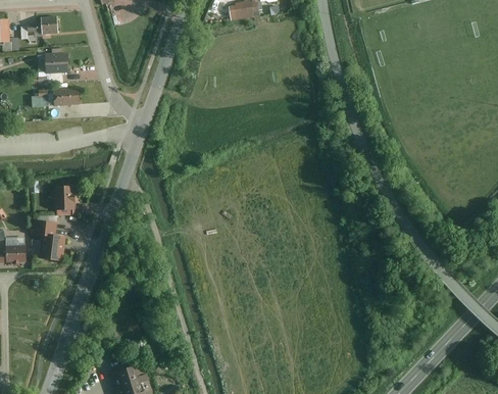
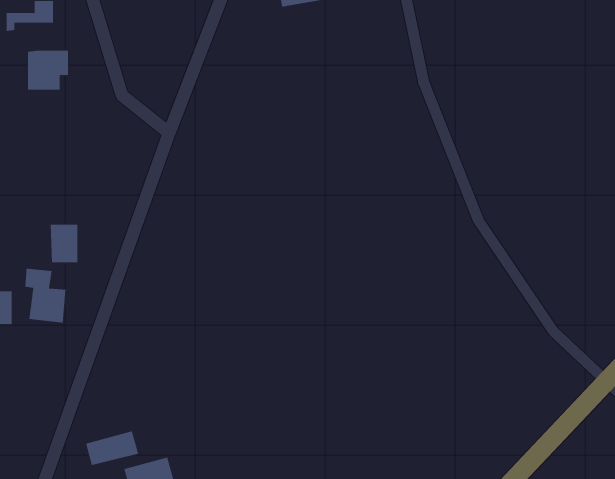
building: [31,87,80,105] -> none
building: none -> [85,431,139,466]

